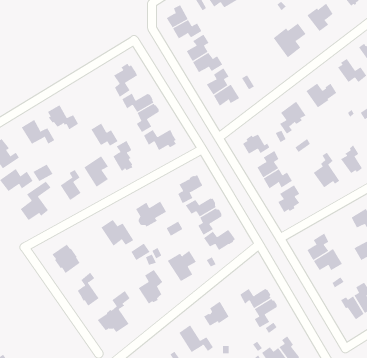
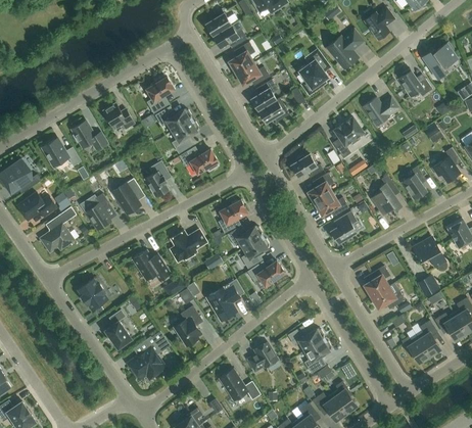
building: none -> [300,50,330,95]
building: [91,123,119,147] -> [103,103,135,130]

